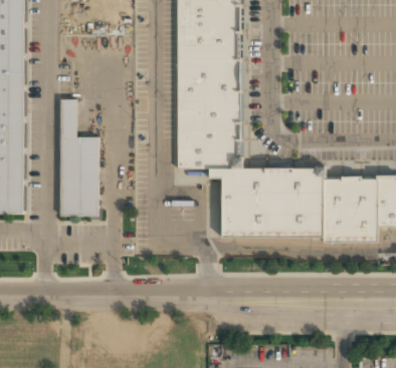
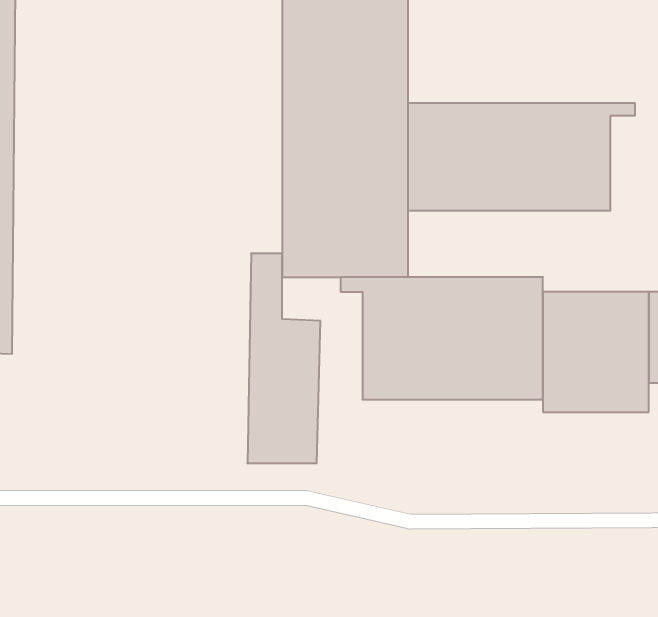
building: none -> [408,103,635,211]
building: [58,99,98,215] -> [247,253,320,463]

